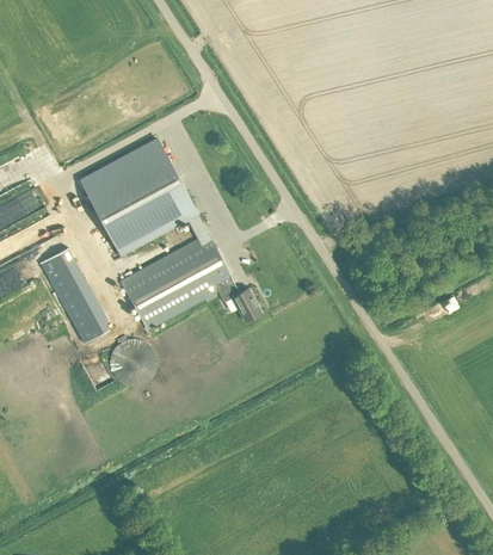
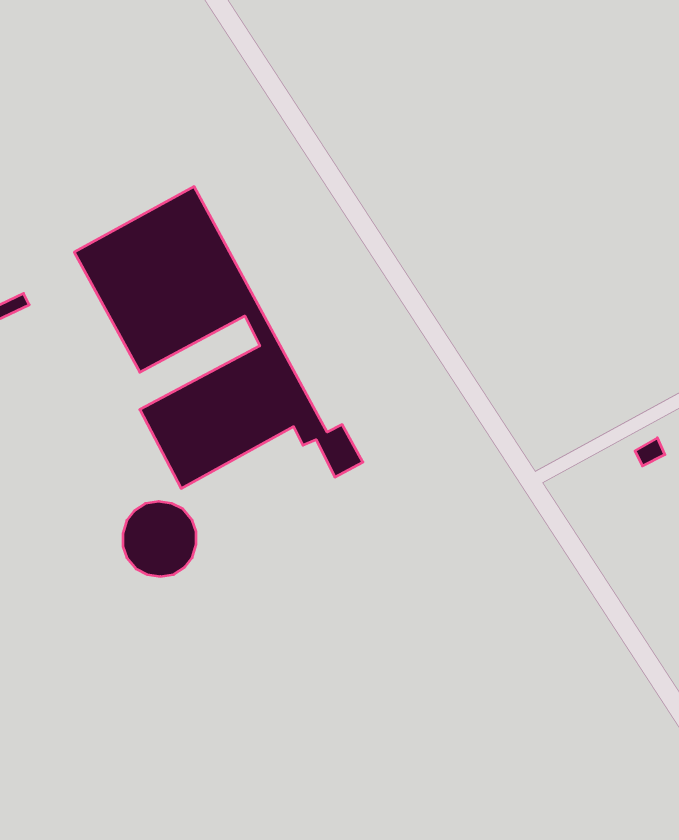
building: [38,247,107,343] -> none

